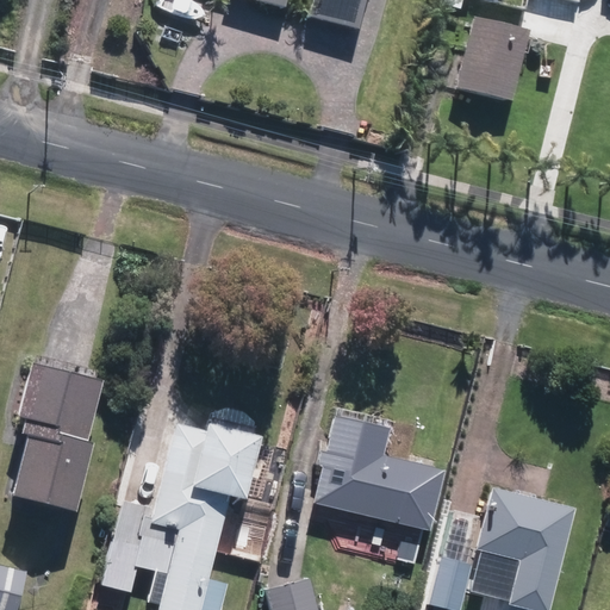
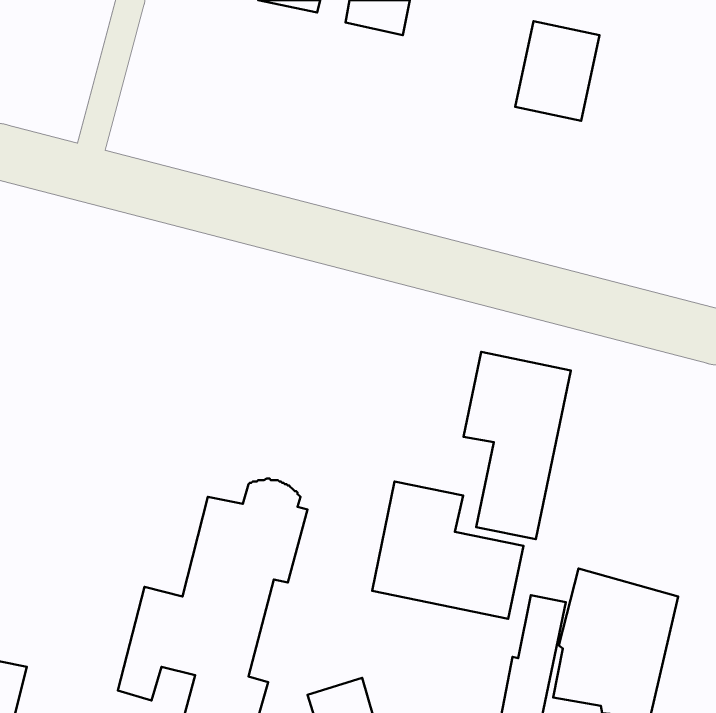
building: none -> [464,352,571,539]
building: [14,362,104,511] -> none

